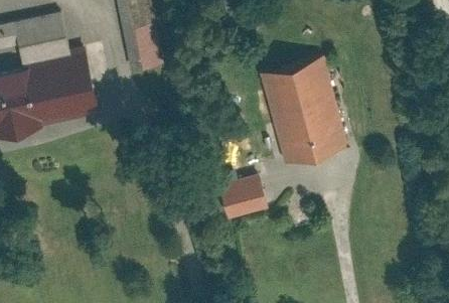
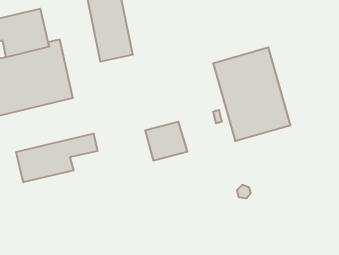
building: none -> [16,133,98,182]
building: [218,174,267,218] -> [145,122,187,160]

